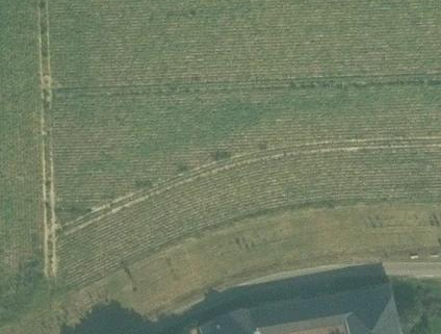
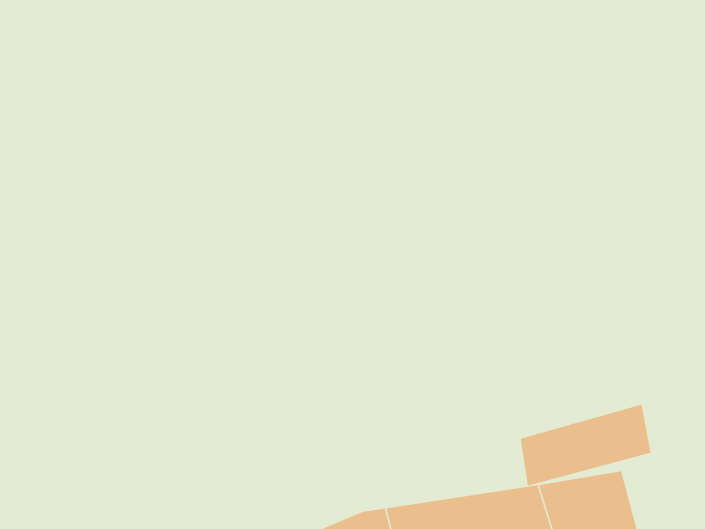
building: none -> [520,404,651,487]

